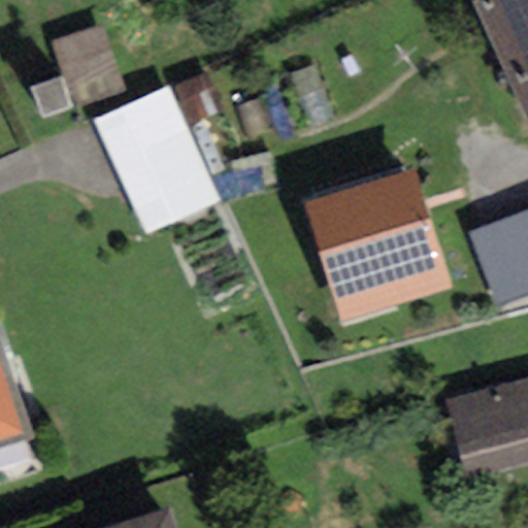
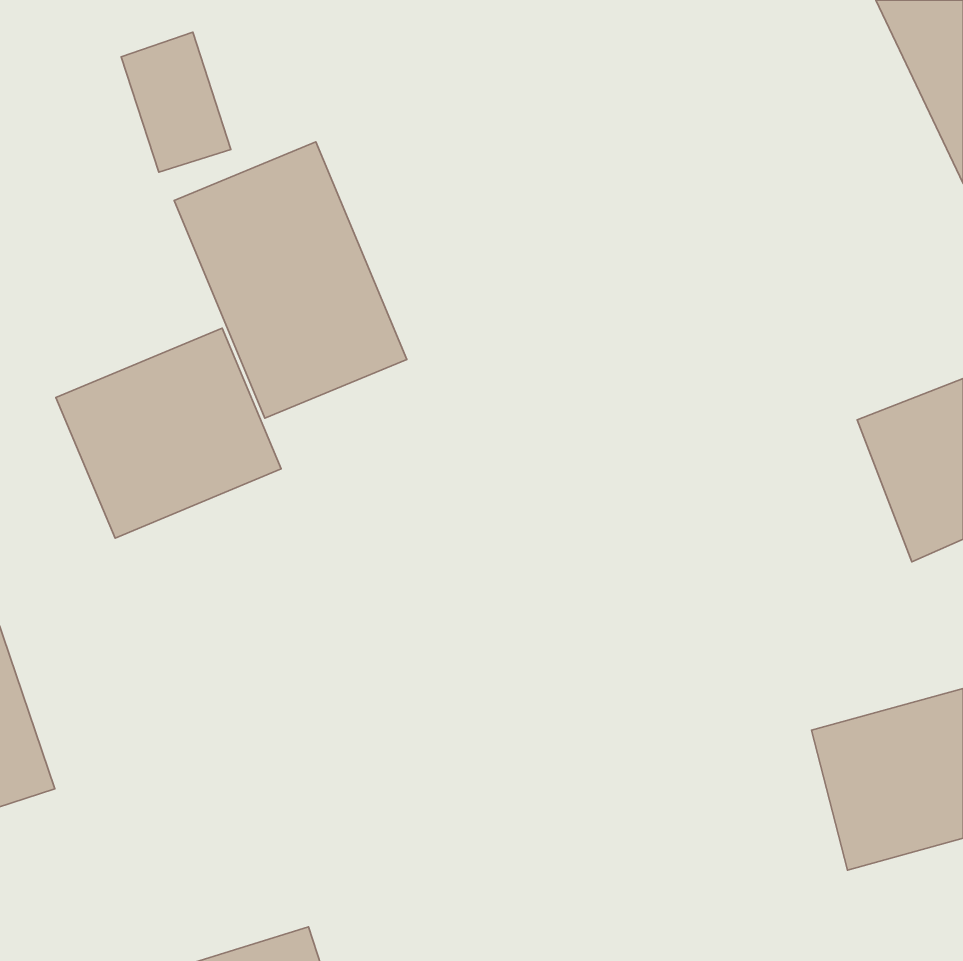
building: [303,165,450,324] -> none
building: none -> [56,328,281,538]

